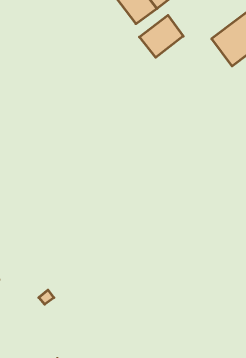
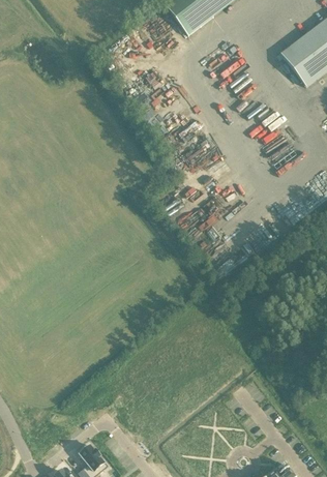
building: [139,15,183,57] -> none

